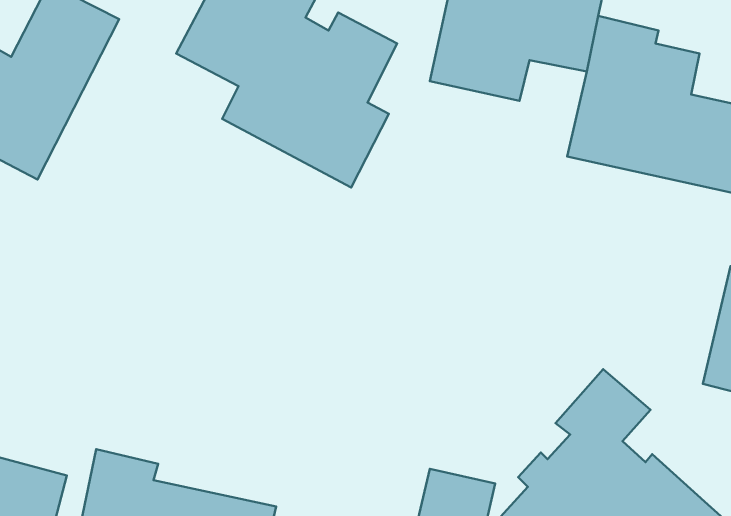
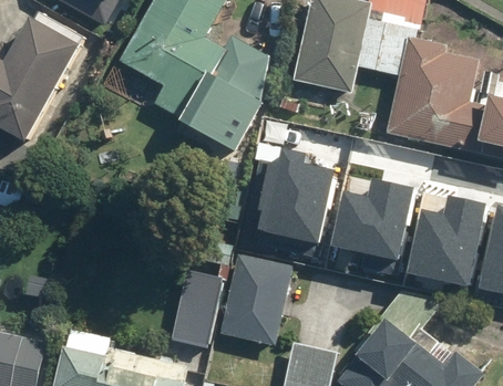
building: none -> [237,146,332,251]
building: none -> [327,174,412,272]
building: none -> [401,187,486,285]
building: none -> [218,251,296,346]
building: none -> [168,257,225,348]

